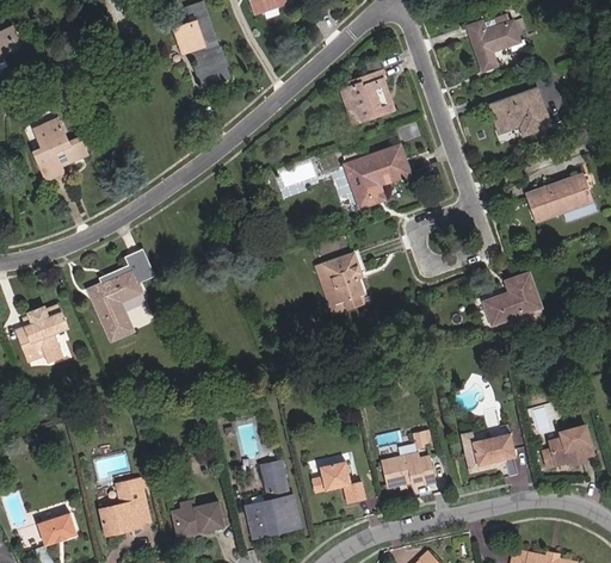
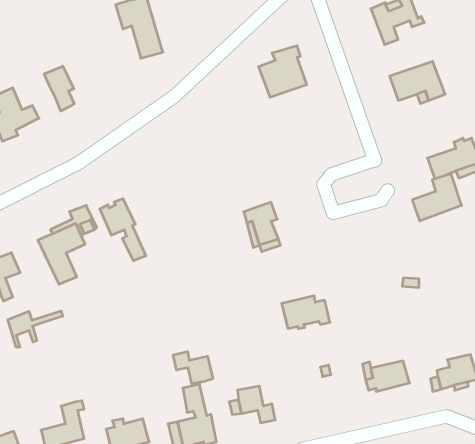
building: none -> [44,66,74,111]
building: [348,149,413,210] -> none
building: none -> [100,199,146,261]
building: [488,278,544,332] -> [412,174,462,221]
building: none -> [8,311,63,347]
building: none -> [173,352,213,384]
building: [377,452,432,489] -> [282,296,330,329]

